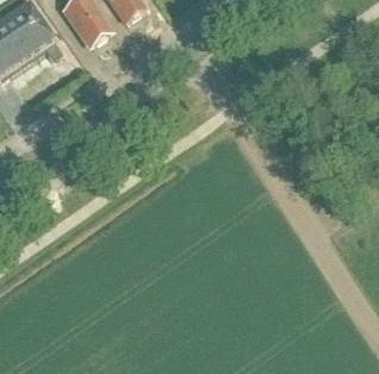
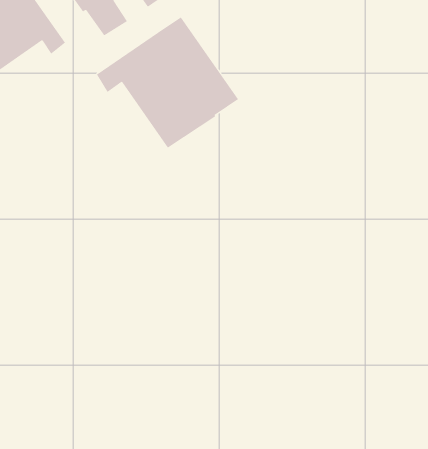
building: none -> [96,16,239,149]

